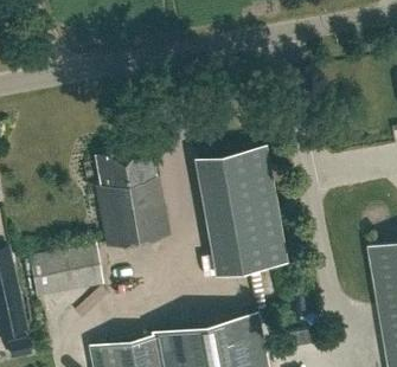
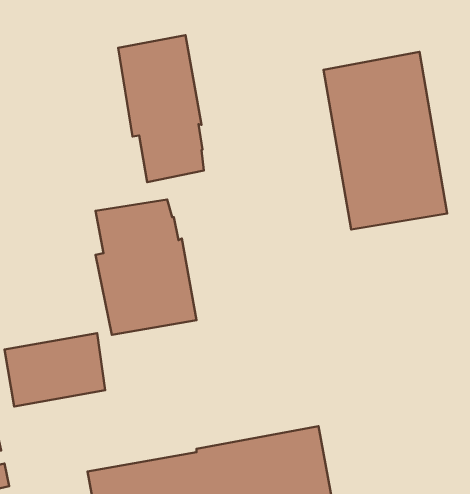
building: none -> [118,35,204,182]
building: [194,146,284,275] -> [324,52,447,230]

